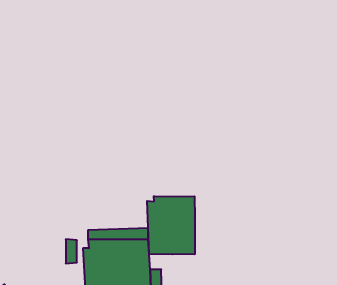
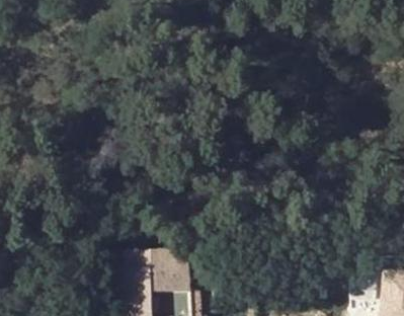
building: [147,196,195,254] -> none

